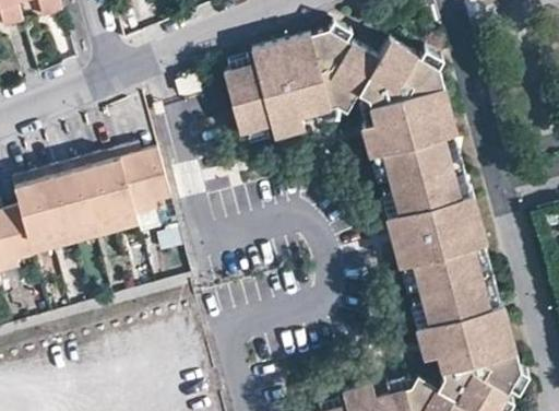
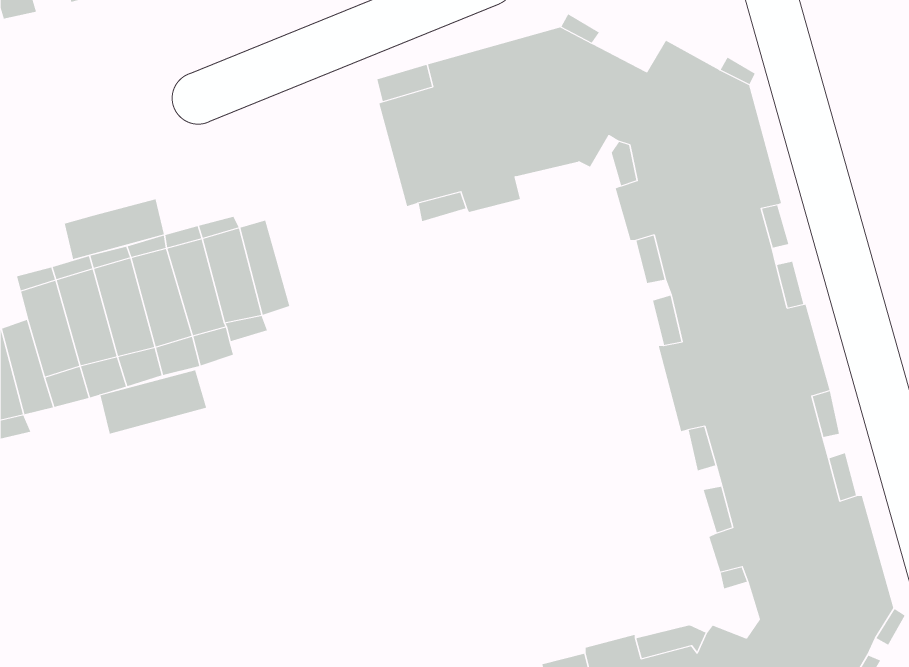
building: none -> [64,199,164,260]
building: none -> [100,370,207,435]

